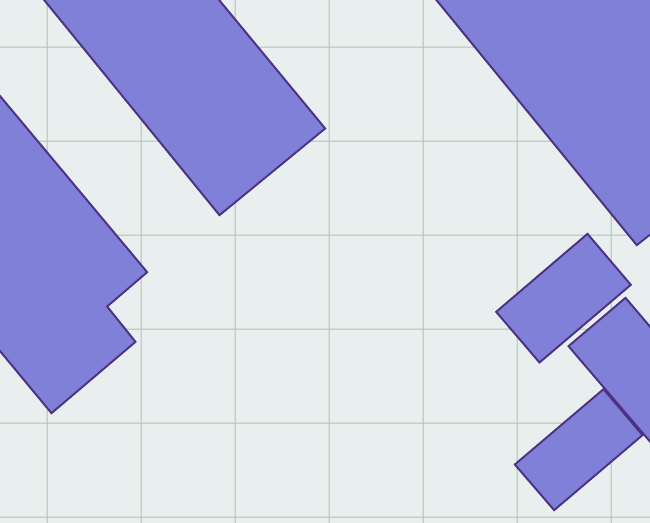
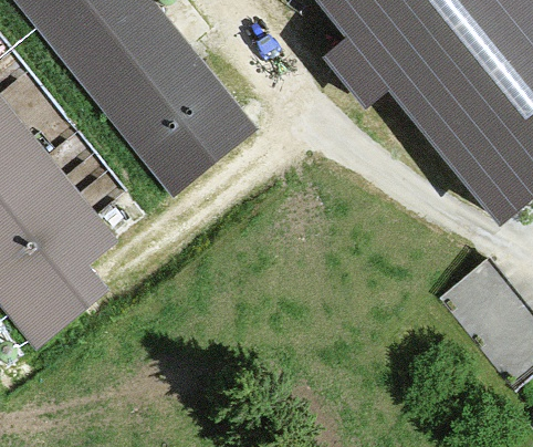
building: [496,234,631,363] -> none
building: [515,389,643,510] -> none

